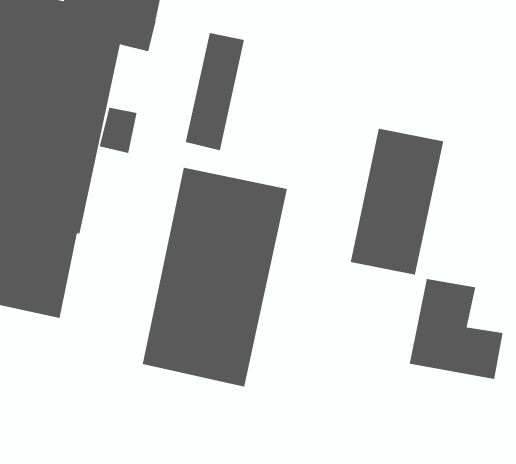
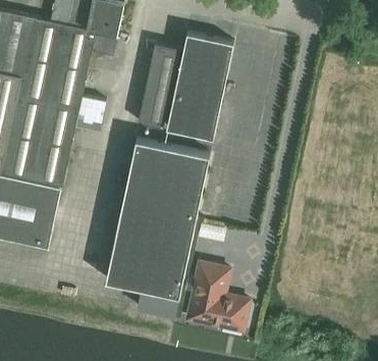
building: [350,128,444,275] -> [166,35,233,140]
building: [409,278,503,380] -> [184,261,252,333]

